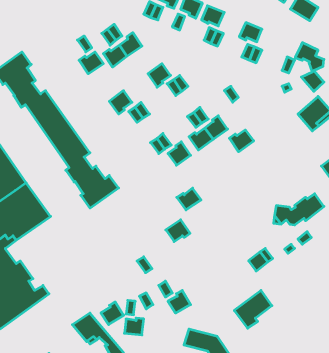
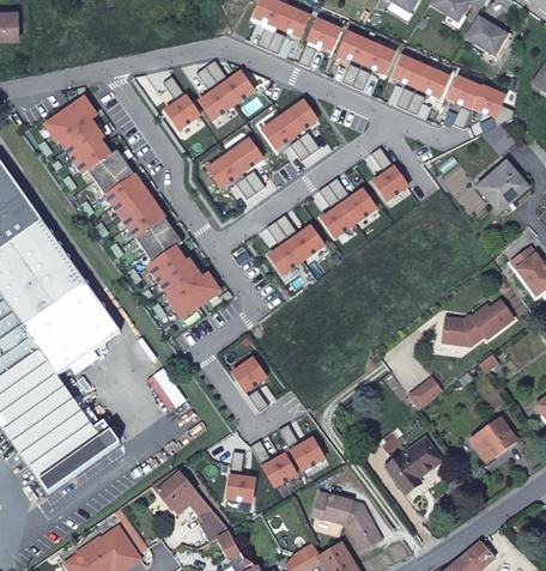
building: none -> [362,41,393,72]
building: none -> [417,65,448,96]
building: none -> [448,75,480,104]
building: none -> [281,99,316,130]
building: none -> [226,138,261,169]
building: [229,130,254,152] -> [372,169,407,200]
building: [177,188,201,210] -> [267,242,302,273]
building: [166,220,190,242] -> [230,359,265,390]
building: none -> [468,418,514,460]
building: [101,302,124,325] -> [262,454,295,486]

